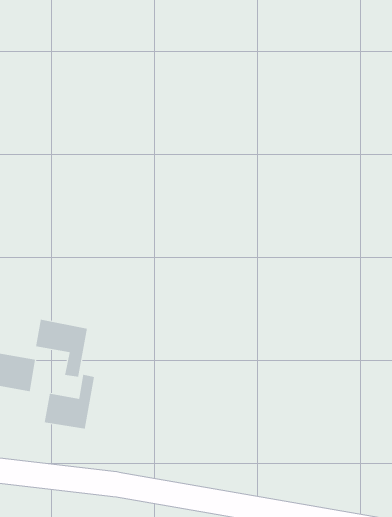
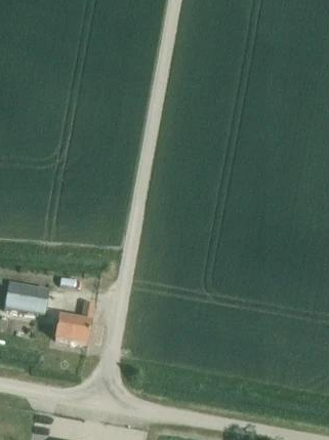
building: [35,319,87,378] -> none

